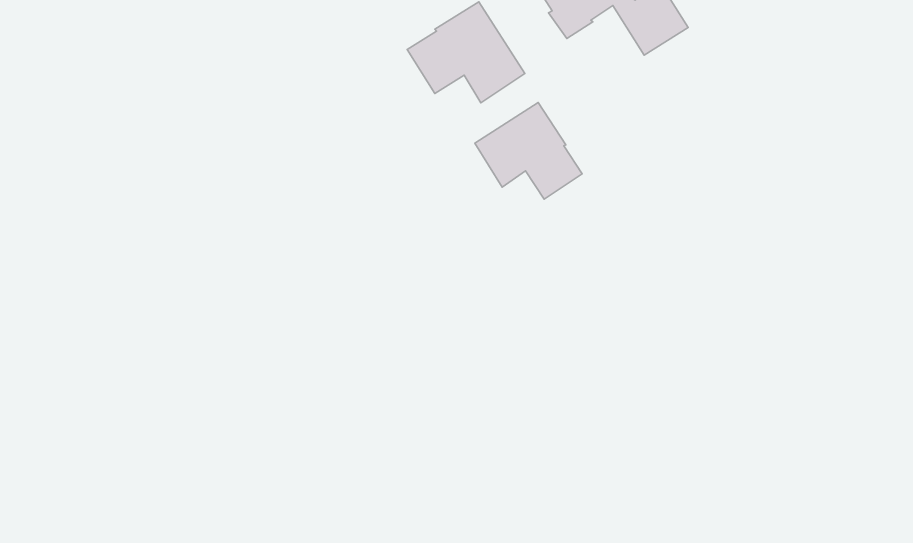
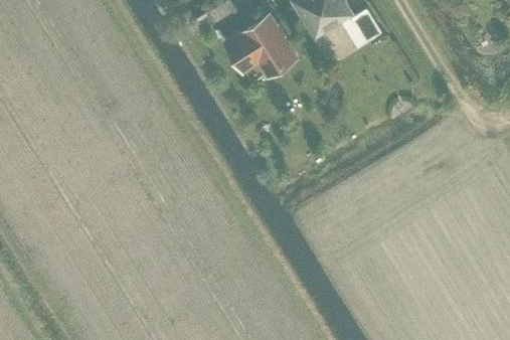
building: [475,103,582,199] -> none

